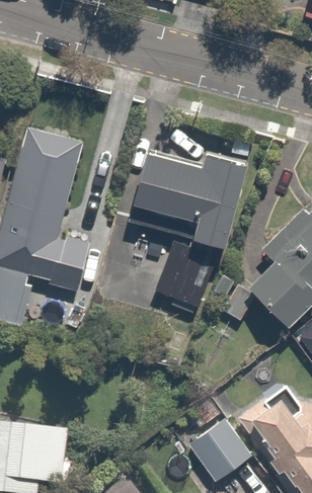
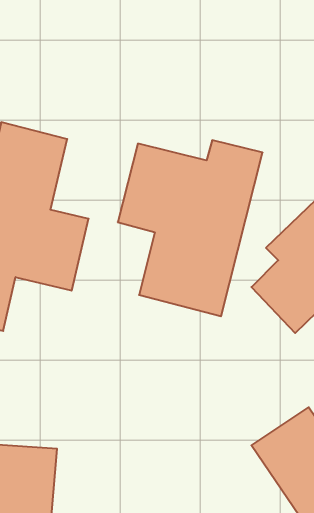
building: [184,410,255,479] -> none

